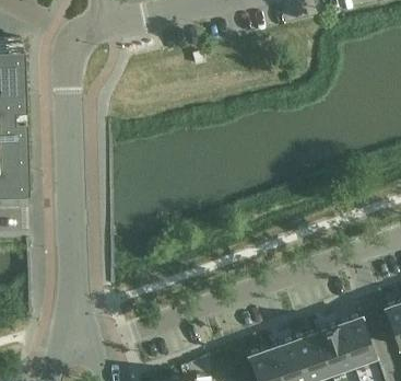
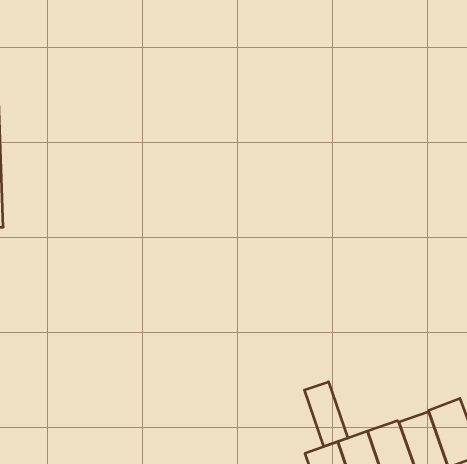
building: none -> [304,382,348,446]

